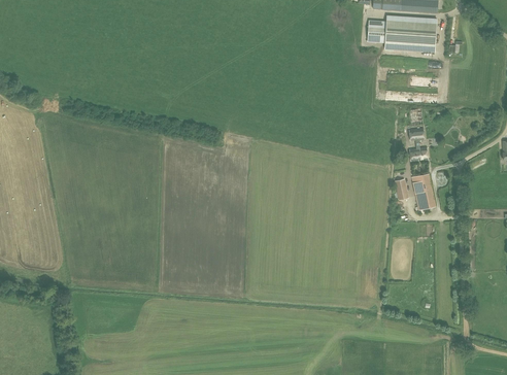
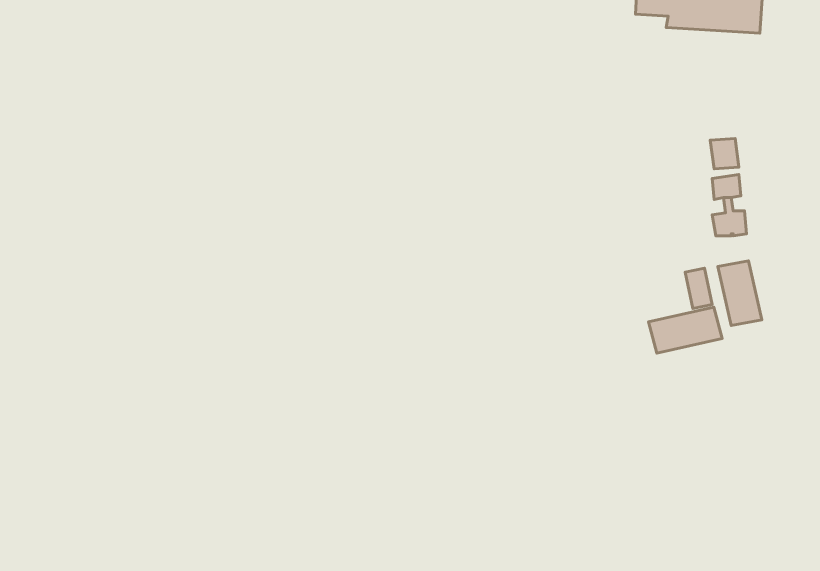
building: none -> [648,307,722,353]

